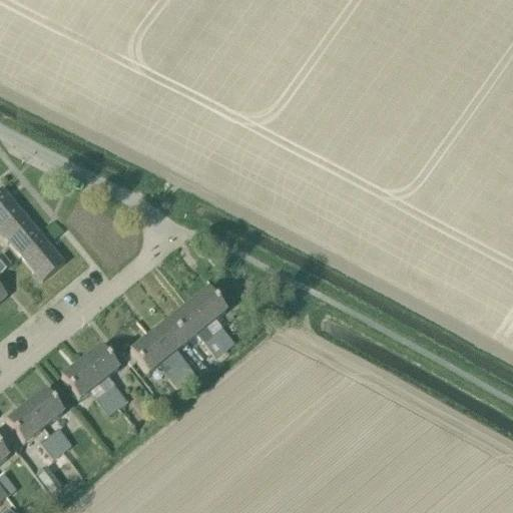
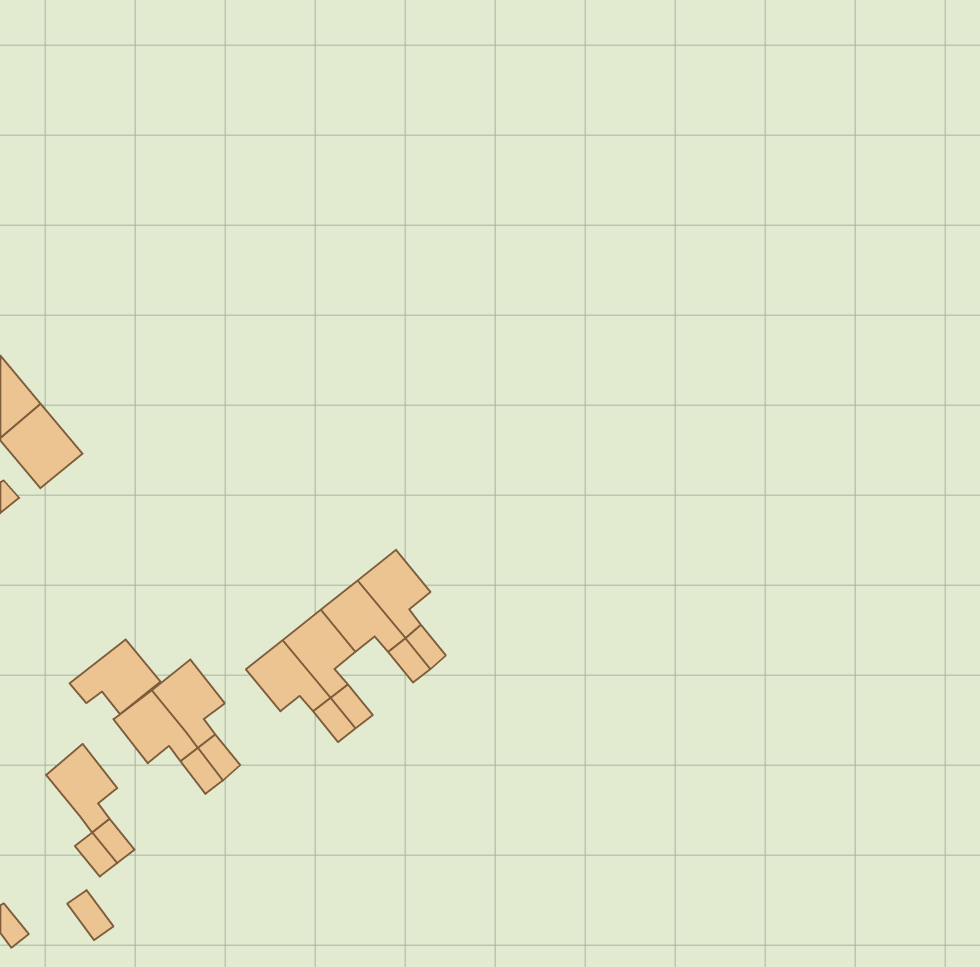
building: [22,236,64,279] -> none
building: none -> [70,639,161,714]
building: [5,404,43,442] -> none

